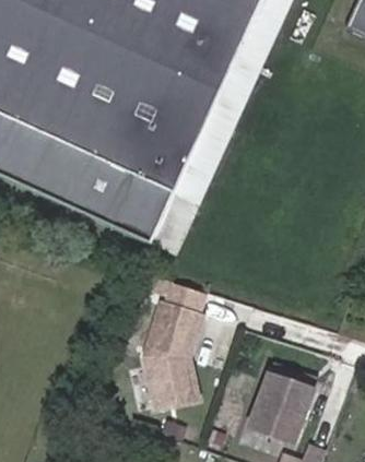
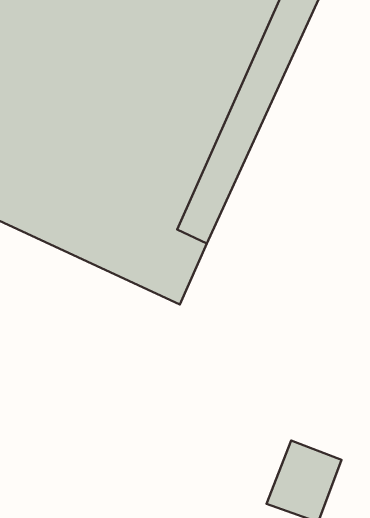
building: [145,281,203,405] -> none

